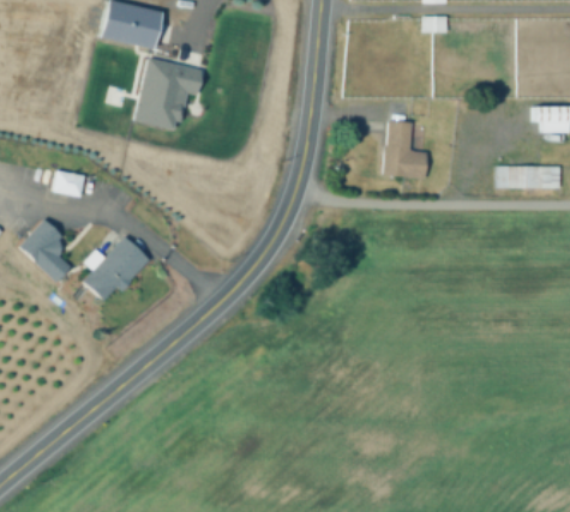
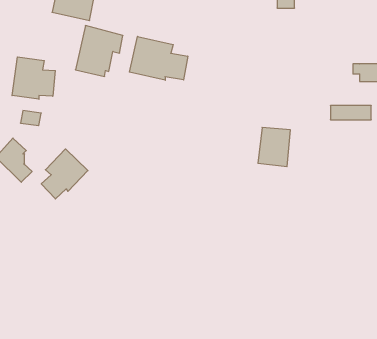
building: none -> [129,36,188,80]
building: none -> [12,57,55,99]
building: [384,125,431,181] -> [258,127,290,167]

